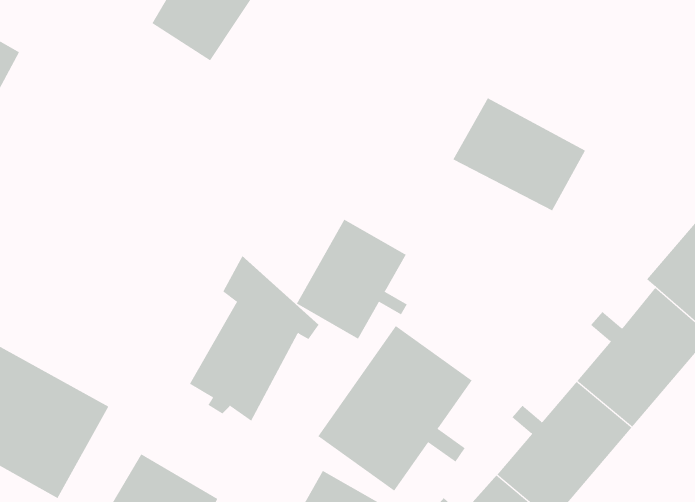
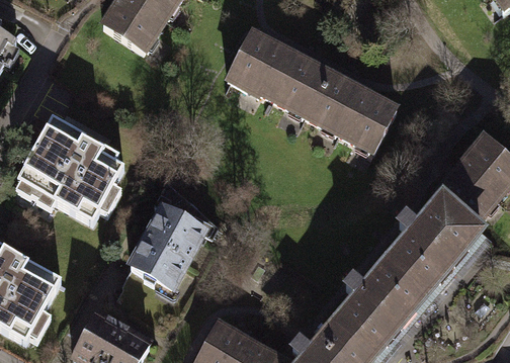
building: none -> [225,31,328,116]
building: none -> [19,119,122,216]
building: [296,219,407,340] -> none
building: [318,325,472,491] -> none

